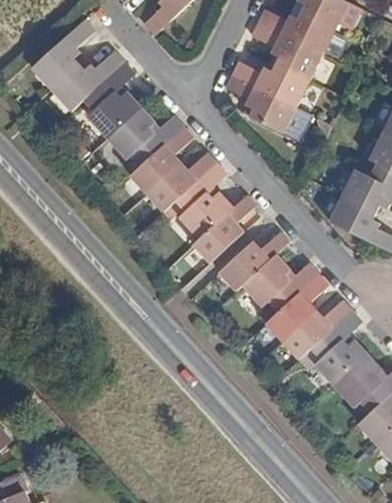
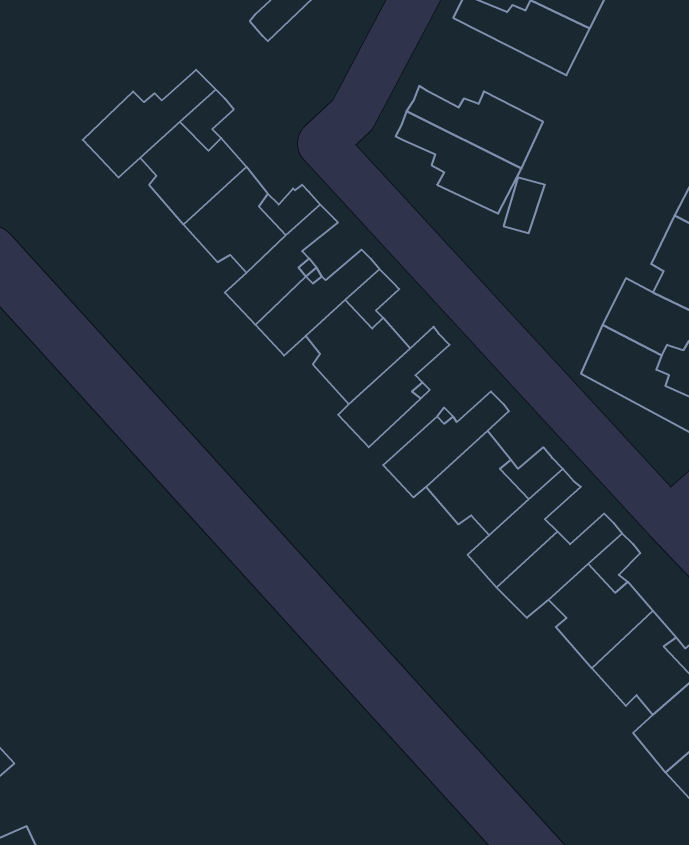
building: [29,18,94,91] -> none
building: [251,22,321,80] -> none

